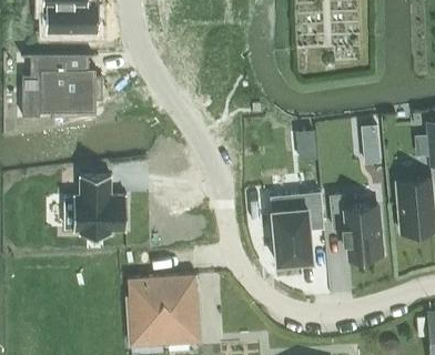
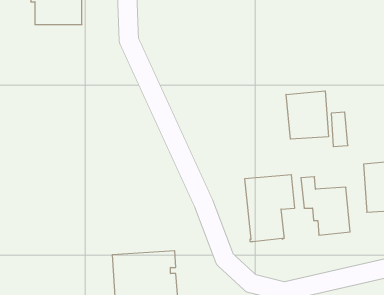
building: [21,54,101,115] -> none
building: none -> [286,91,328,139]
building: [67,175,129,235] -> none

